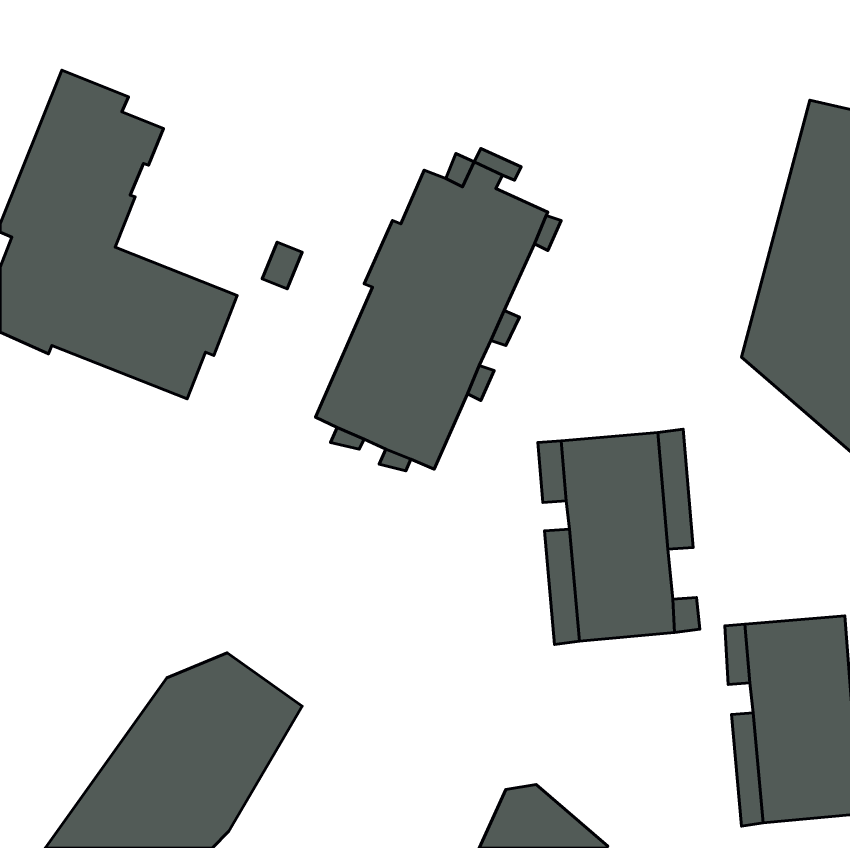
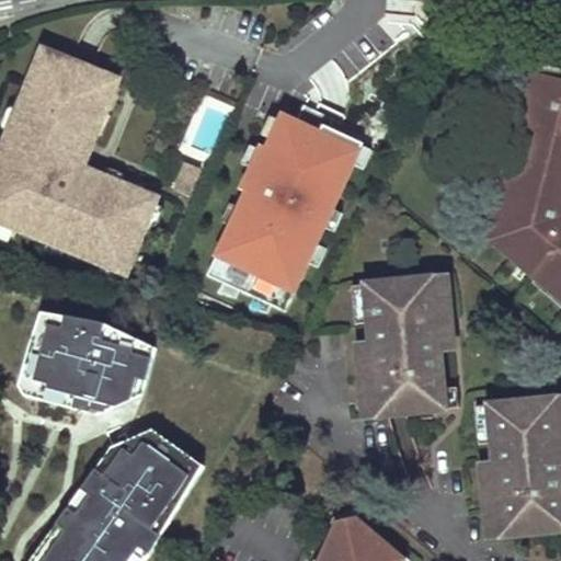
building: none -> [18,304,154,410]

